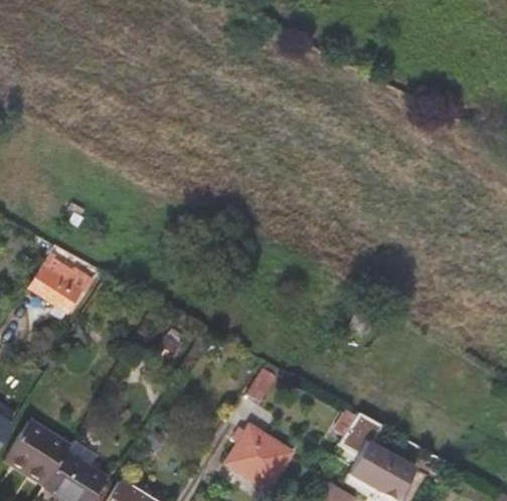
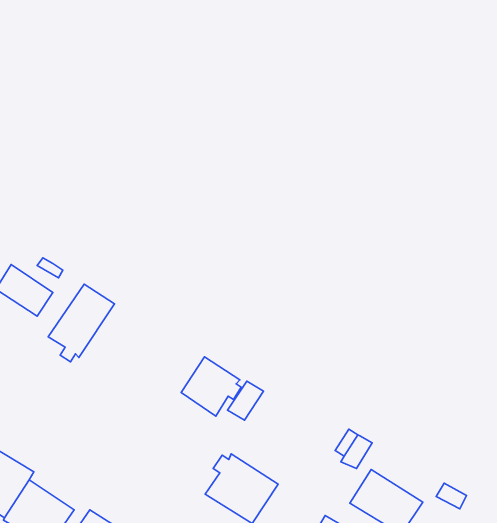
building: none -> [48,284,115,362]
building: none -> [181,357,241,416]

